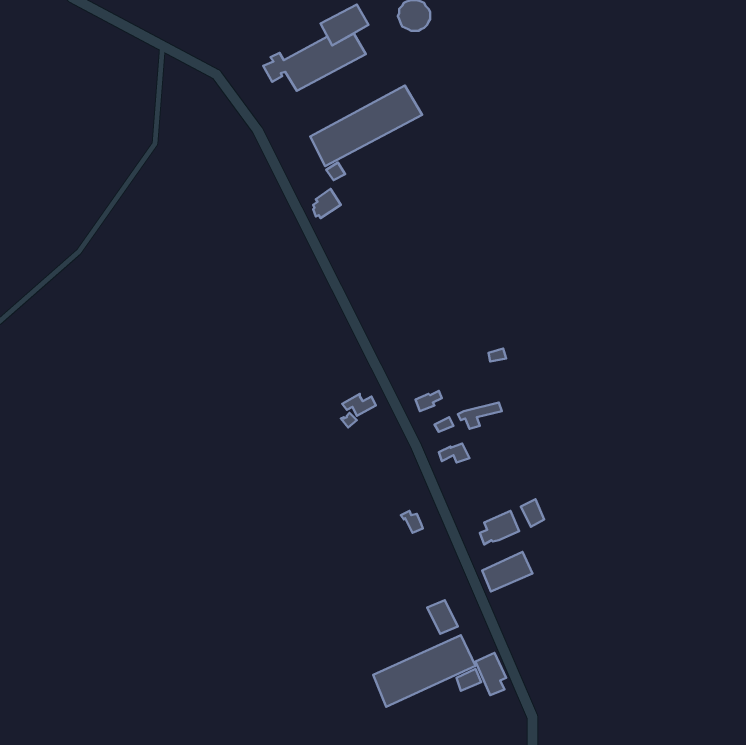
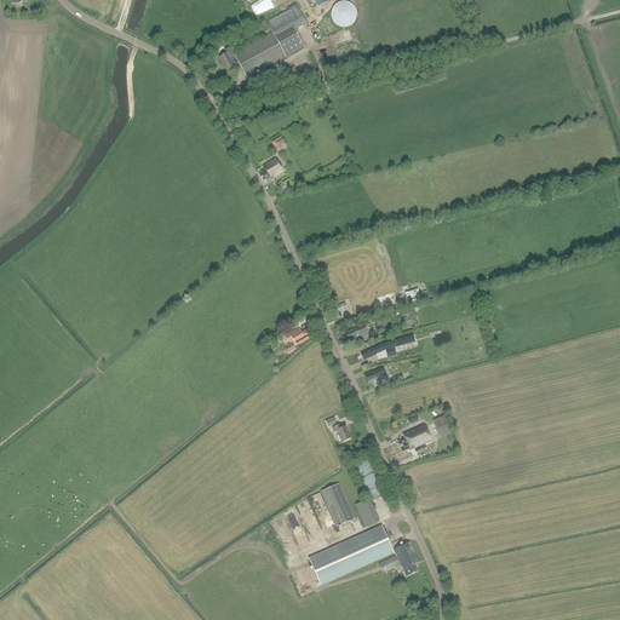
building: [310,86,422,166] -> none
building: [482,552,532,591] -> none
building: none -> [321,483,355,526]

